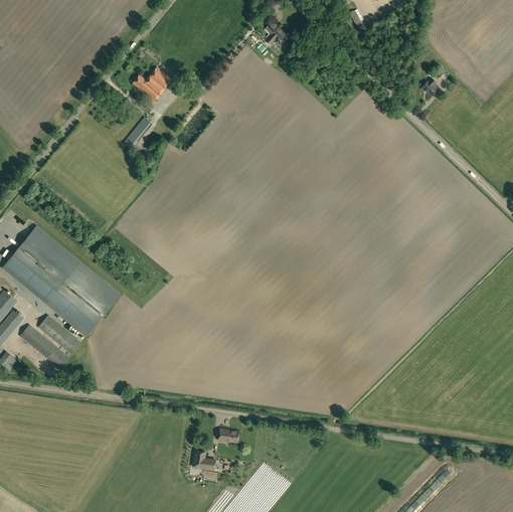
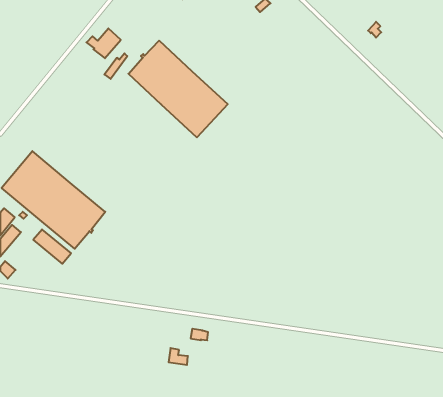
building: [133,65,172,100] -> [86,28,121,58]
building: none -> [128,41,228,137]
building: [20,324,69,367] -> none

